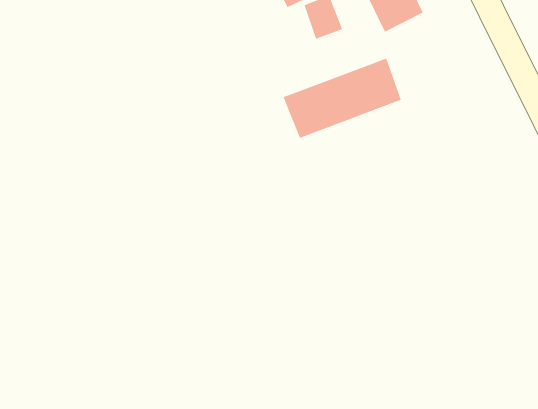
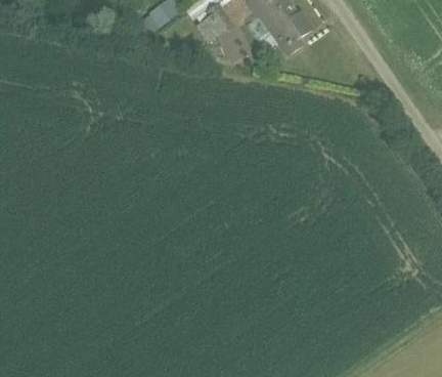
building: [283,58,402,139] -> none

